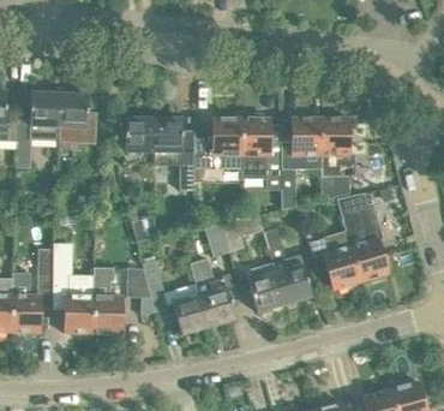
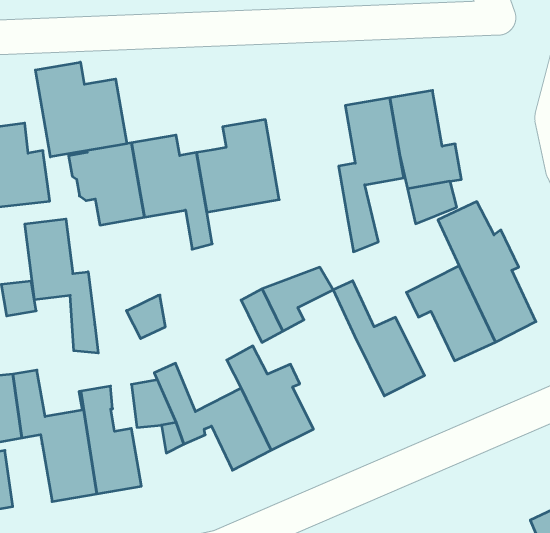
building: none -> [35,62,127,157]
building: [240,114,281,190] -> none
building: none -> [25,219,98,353]
building: [245,262,284,311] -> none

